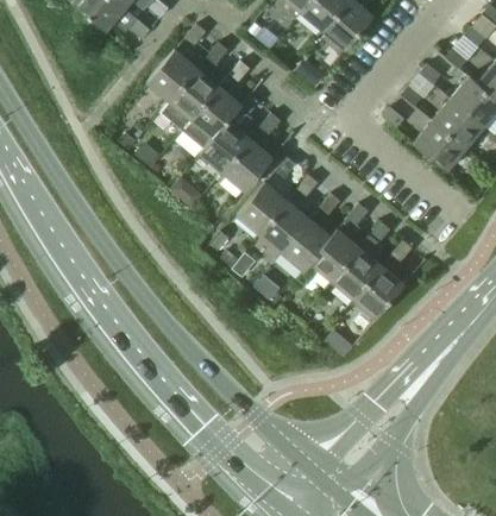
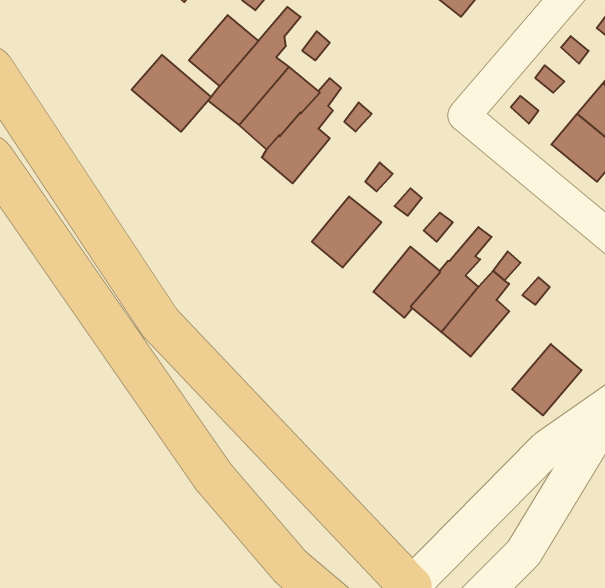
building: none -> [132,55,211,132]
building: [222,139,272,191] -> none
building: [259,201,309,252] -> none
building: [353,266,404,319] -> [512,344,582,415]

